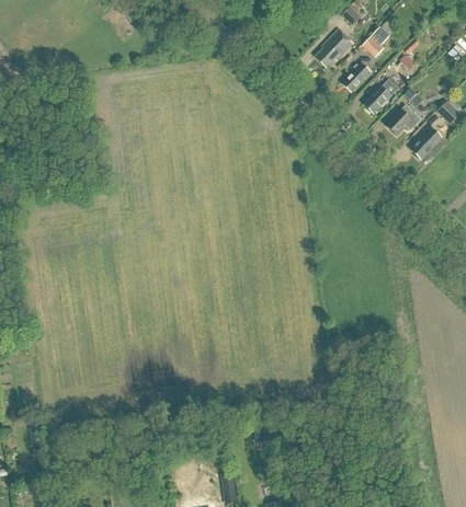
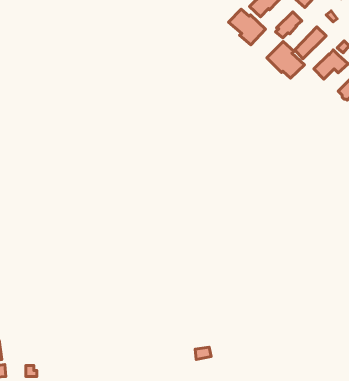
building: none -> [229,9,266,45]
building: none -> [267,42,305,78]

